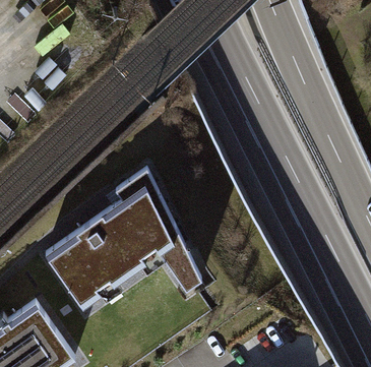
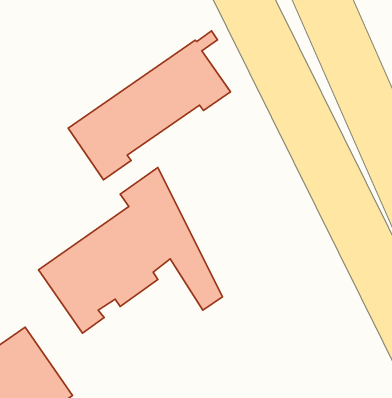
building: none -> [68,31,231,180]

